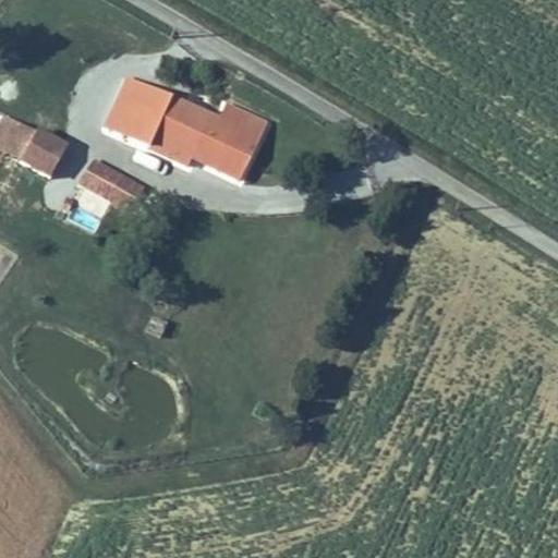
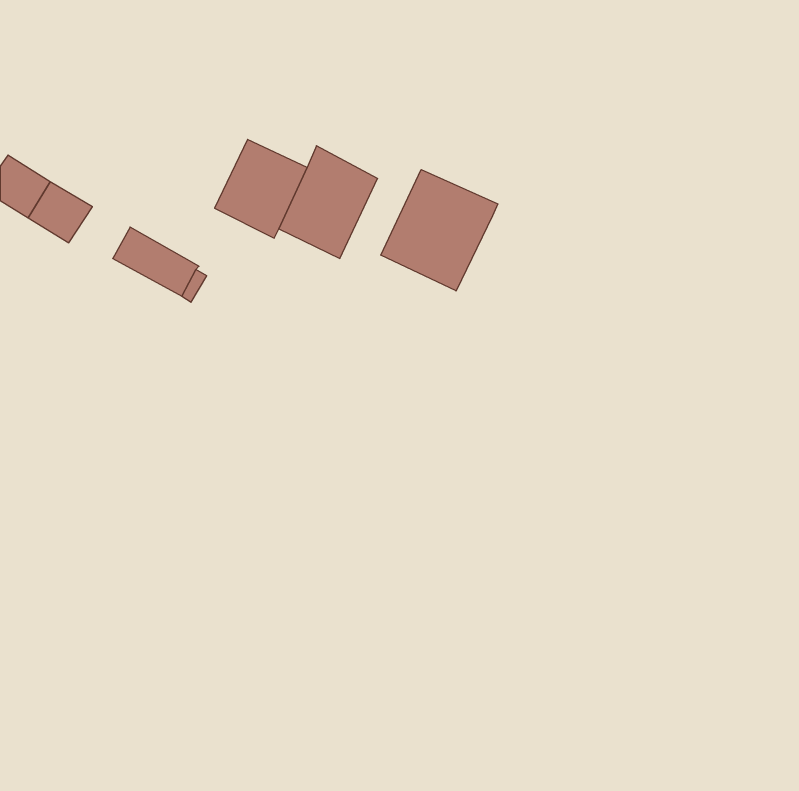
building: [106,76,173,145] -> none
building: none -> [381,170,498,291]

